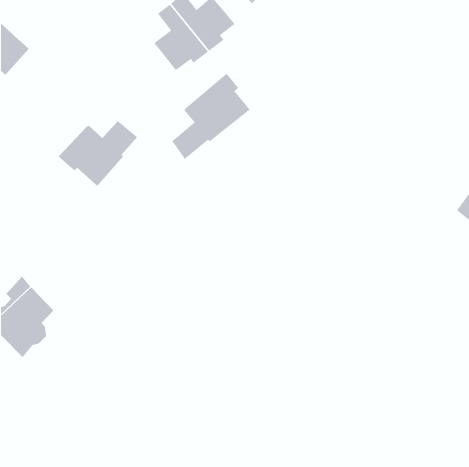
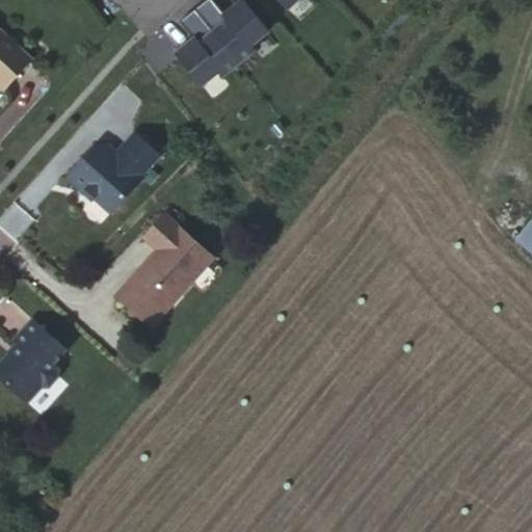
building: [171,73,250,160] -> none
building: none -> [110,220,210,332]

